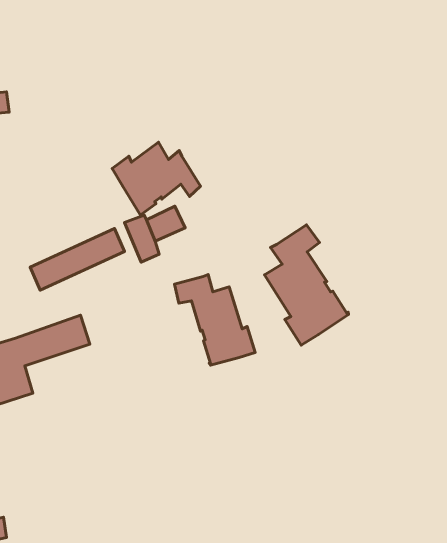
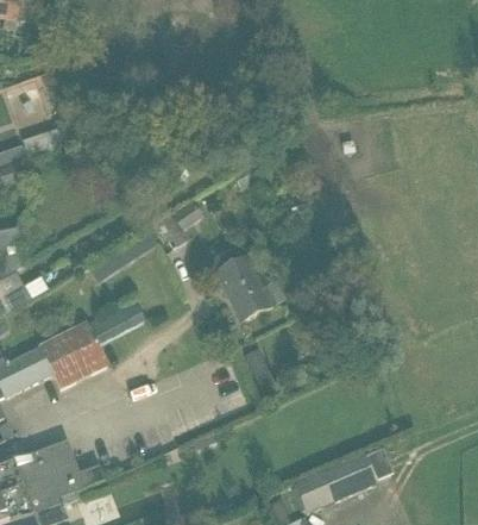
building: [112,142,201,216] -> none
building: [265,225,349,345] -> none

